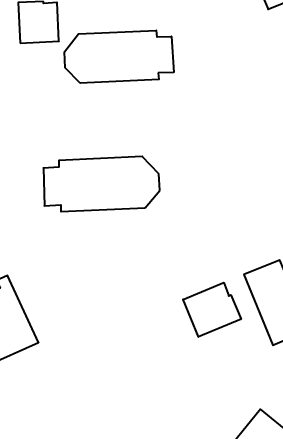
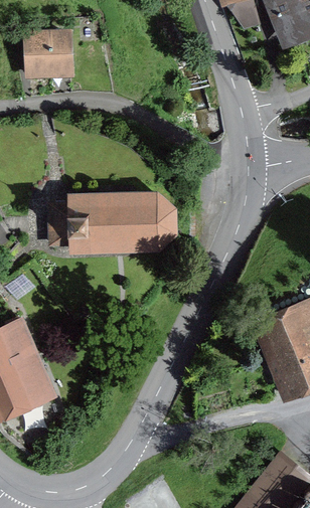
building: [65,30,174,83] -> none
building: [183,283,241,337] -> none

